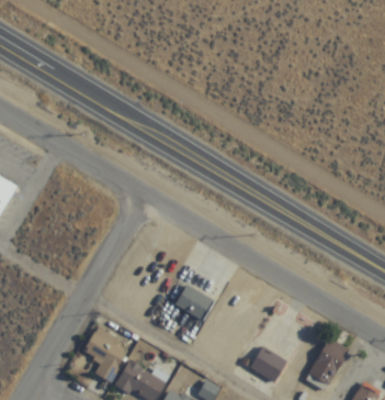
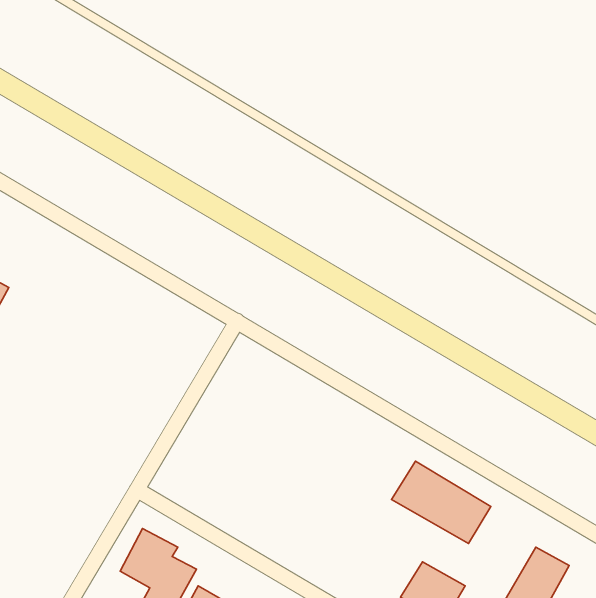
building: [174,284,215,322] -> none
building: none -> [391,461,491,544]

